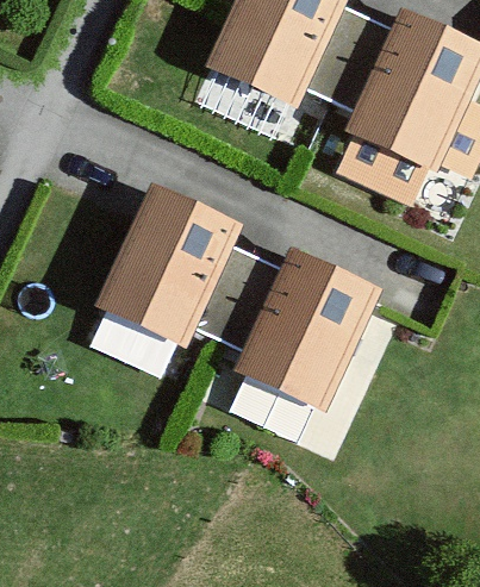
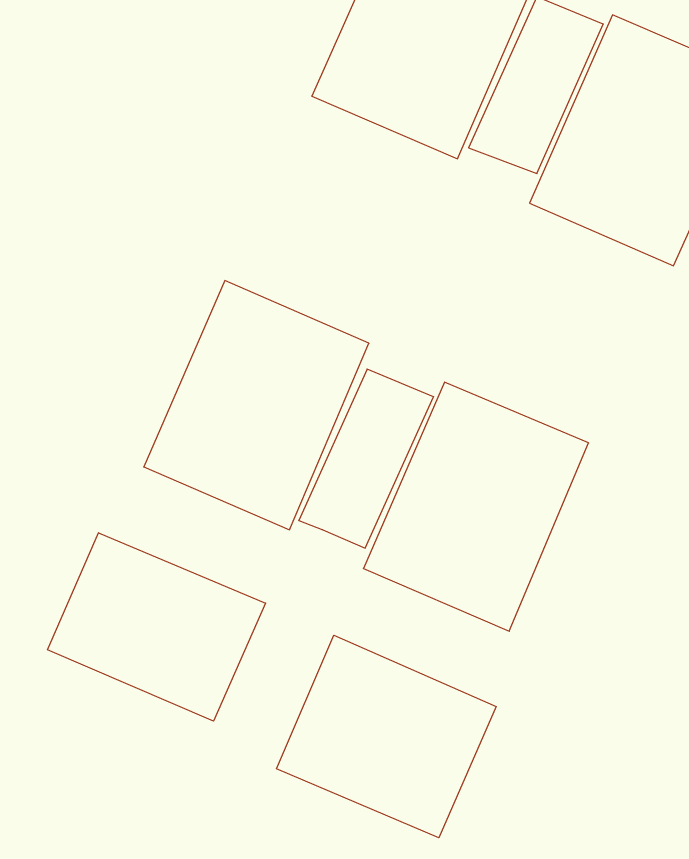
building: none -> [48,533,266,721]
building: none -> [276,635,496,838]

